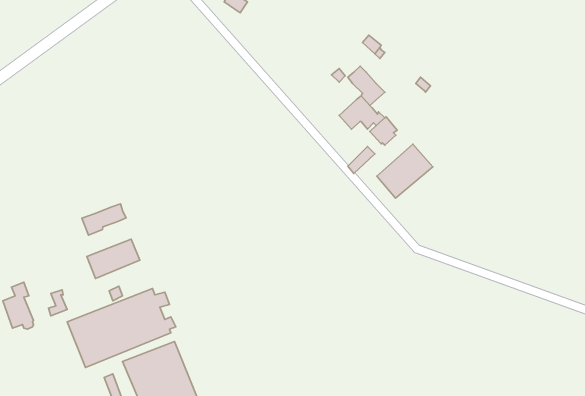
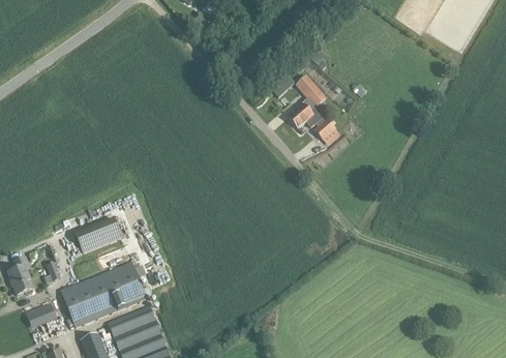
building: [377,144,433,198] -> none
building: [82,204,126,235] -> none
building: none -> [25,302,57,328]

